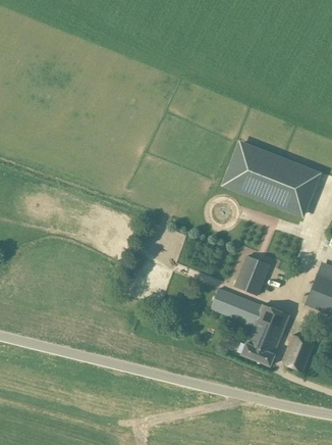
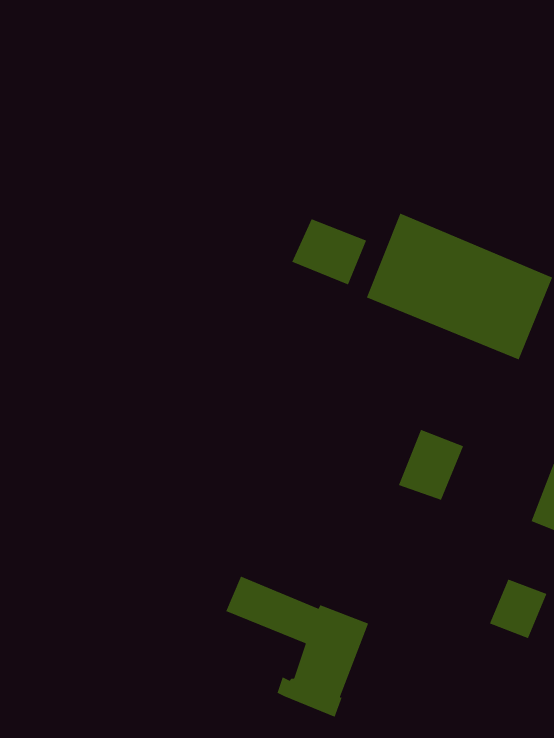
building: none -> [291,218,367,286]
building: [211,289,288,365] -> [225,576,369,718]

